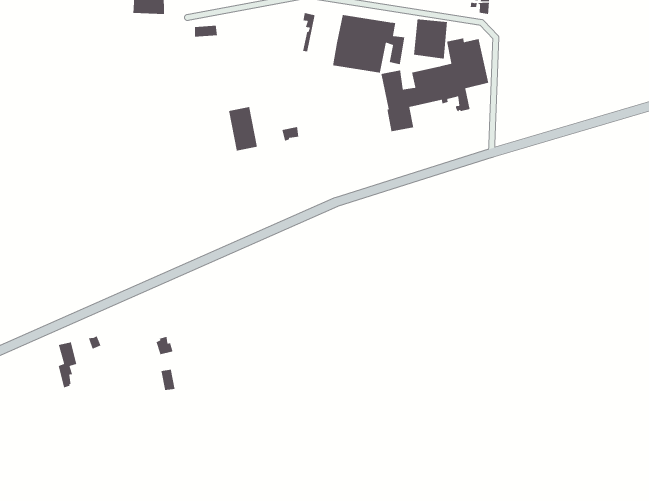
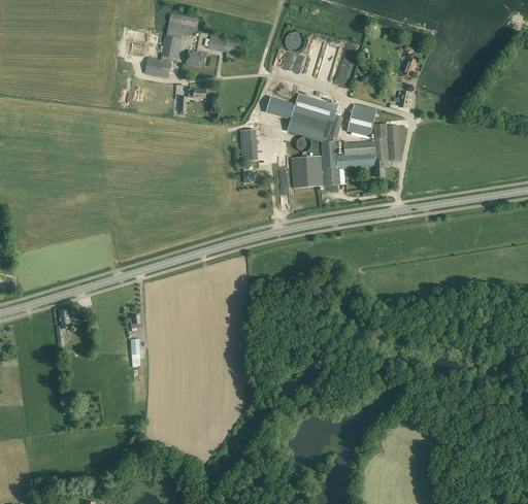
building: none -> [291,156,324,188]
building: [228,106,258,151] -> [240,129,259,161]

